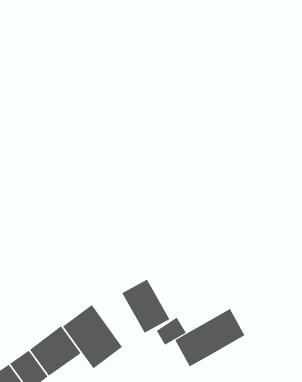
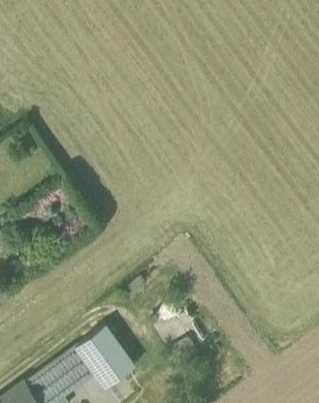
building: [121,279,170,333] -> none
building: [175,308,245,367] -> none

